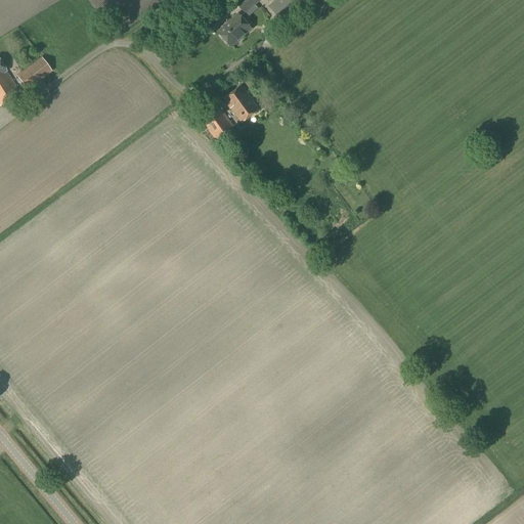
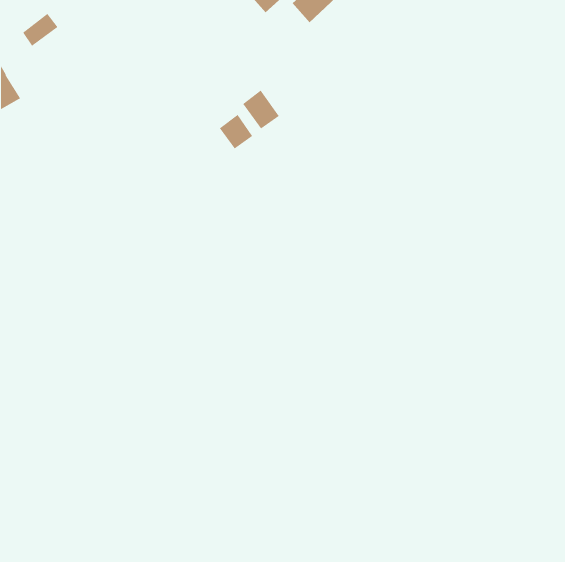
building: [219,11,252,43] -> none
building: [17,55,51,87] -> [22,13,58,47]

